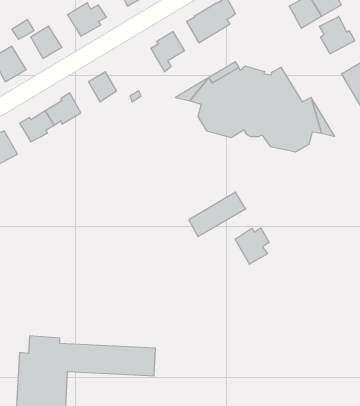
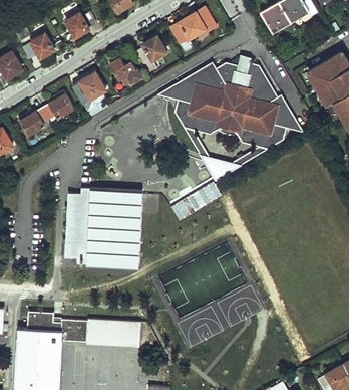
building: [320,16,355,54] -> none
building: none -> [110,58,142,85]
building: none -> [65,188,140,268]
building: [235,228,269,264] -> none

